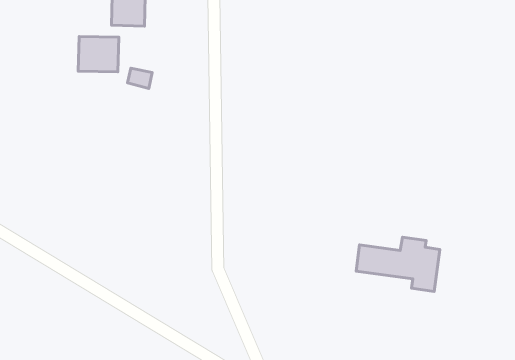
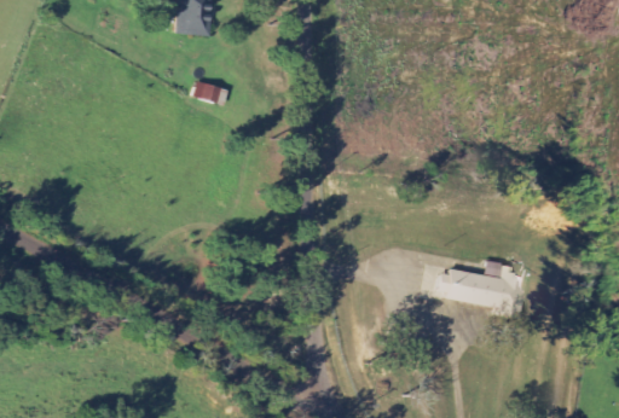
building: [78,36,119,72] -> none

